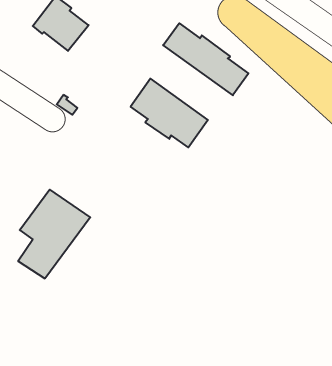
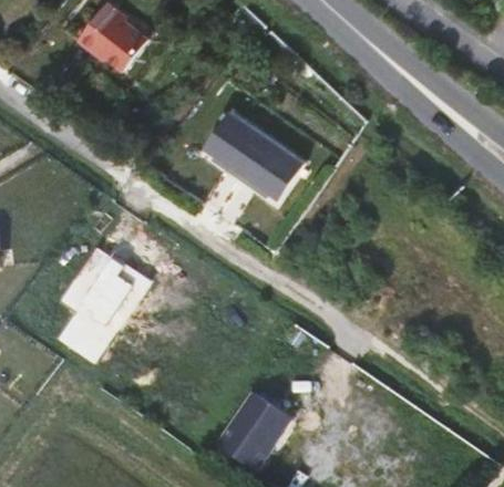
building: [163,23,248,95] -> none
building: none -> [217,392,291,470]

